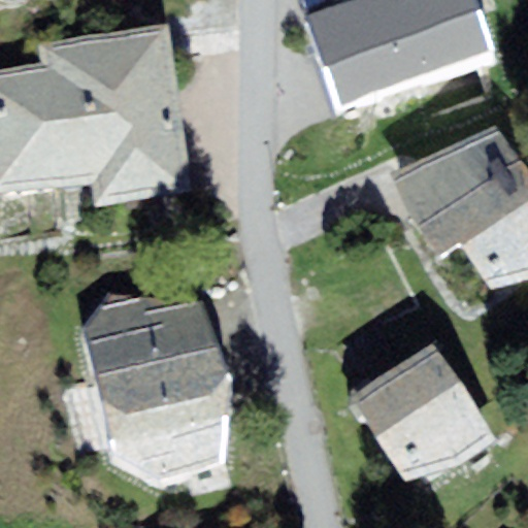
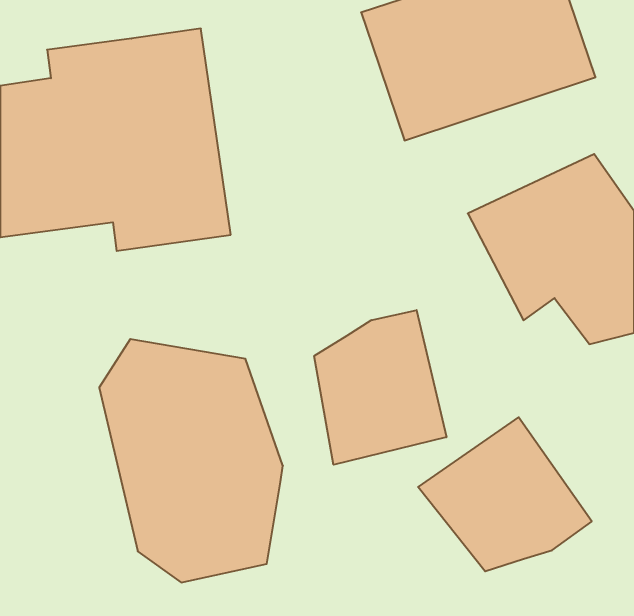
building: none -> [314,310,446,465]

